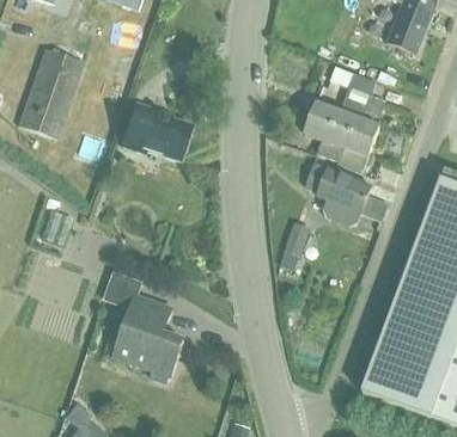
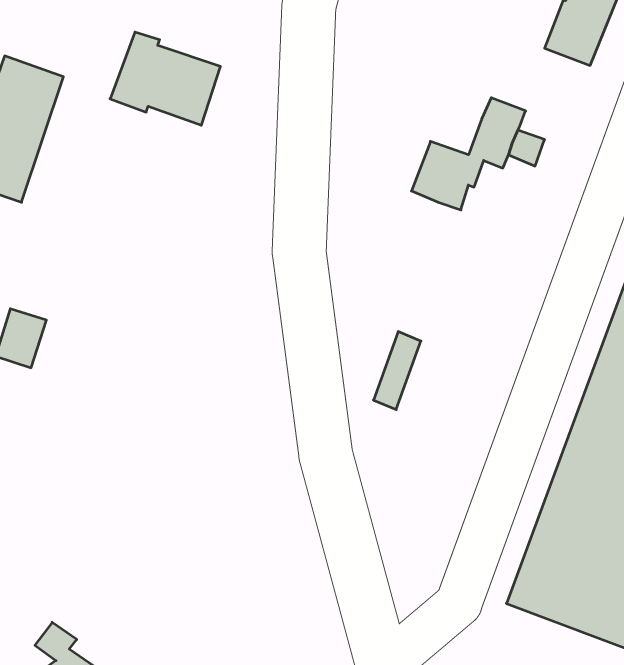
building: [122,103,191,161] -> [110,32,220,125]
building: [315,112,378,171] -> none
building: [305,162,368,222] -> none
building: [103,271,183,381] -> none

